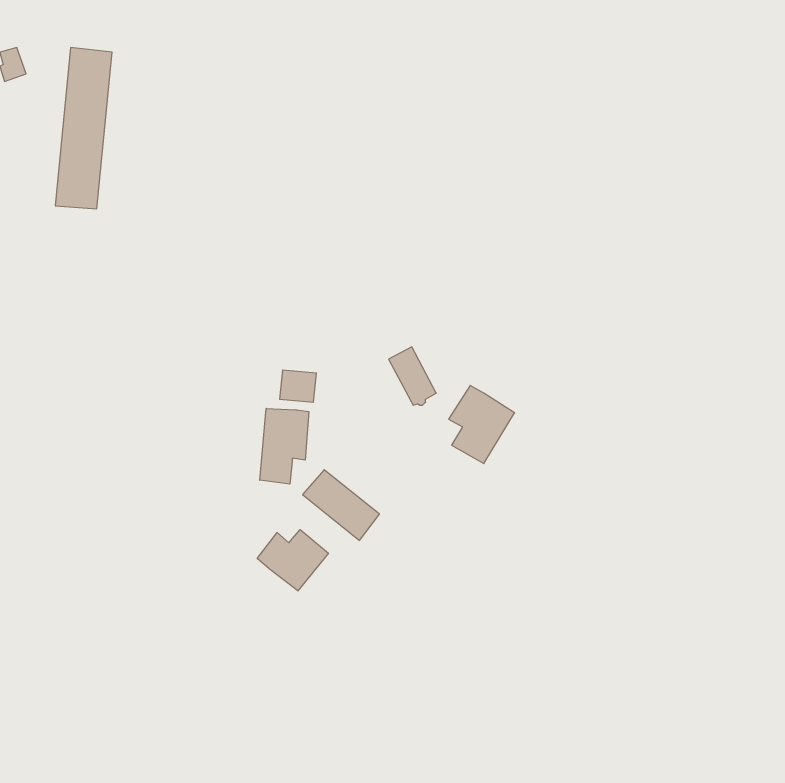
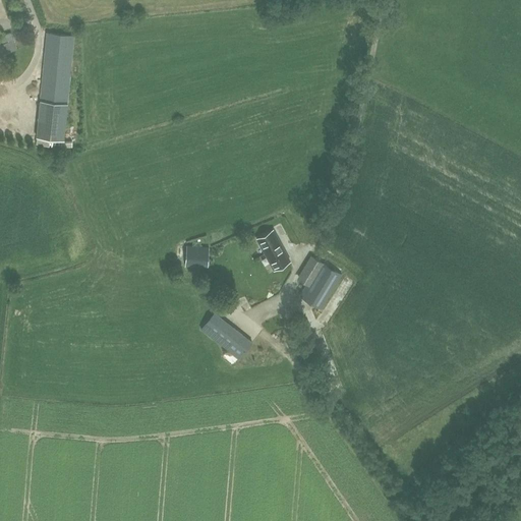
building: [260,408,309,484] -> none
building: [257,530,328,591] -> none

